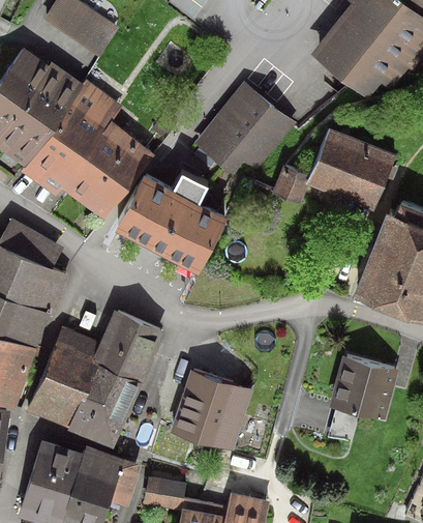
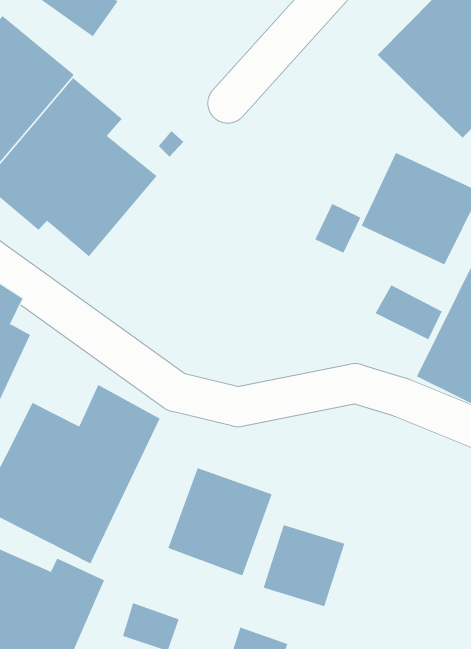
building: [194,85,292,183] -> none
building: [117,177,224,275] -> none
building: none -> [375,285,443,340]
building: [330,354,390,414] -> [263,524,345,607]

